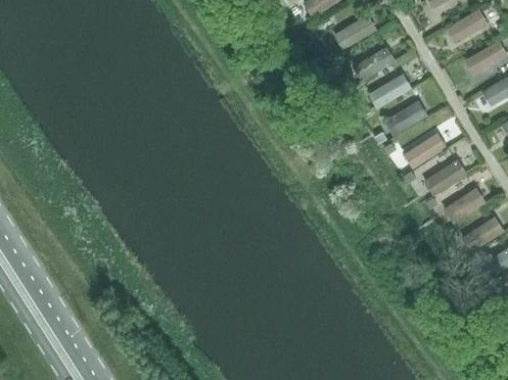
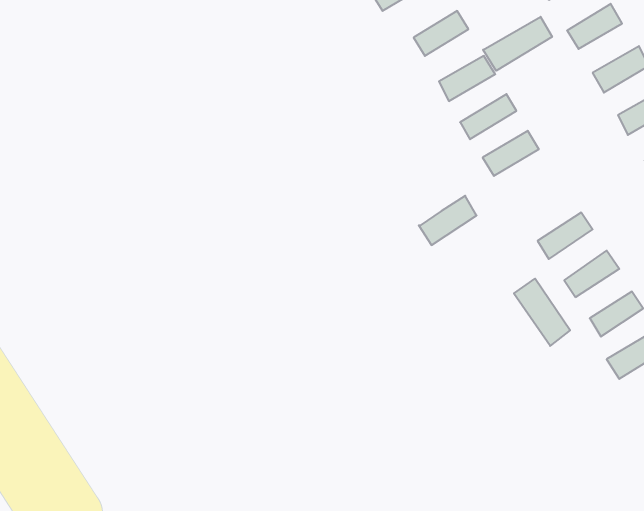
building: none -> [483,17,552,71]
building: [401,134,443,170] -> [419,196,477,245]
building: none -> [514,279,570,346]

